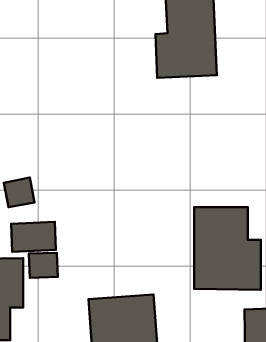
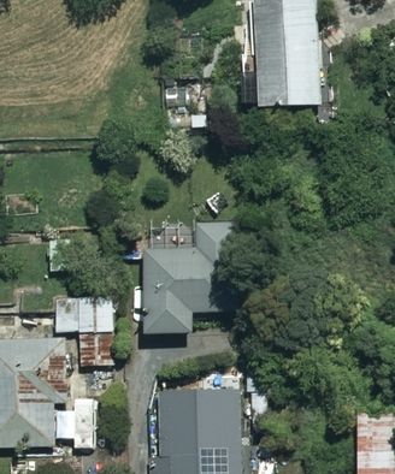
building: none -> [143,223,237,333]
building: [194,207,261,290] -> none

